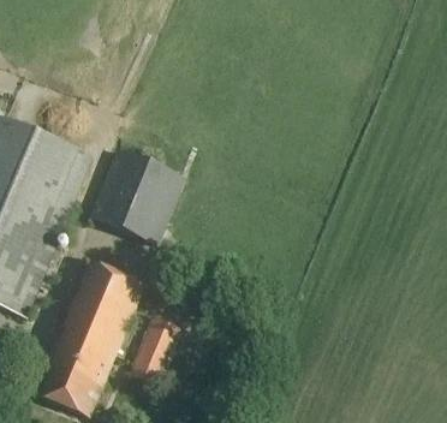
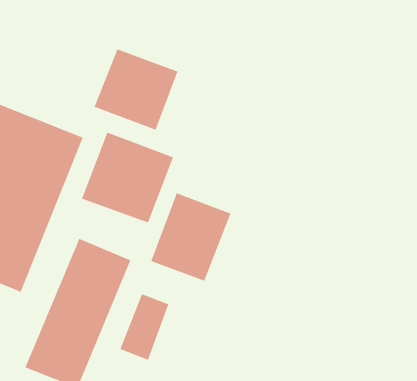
building: none -> [94,48,178,131]
building: none -> [150,193,231,281]

